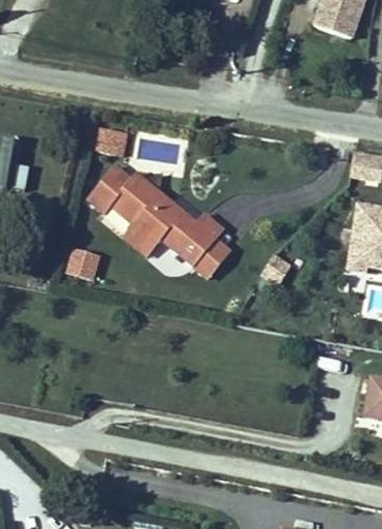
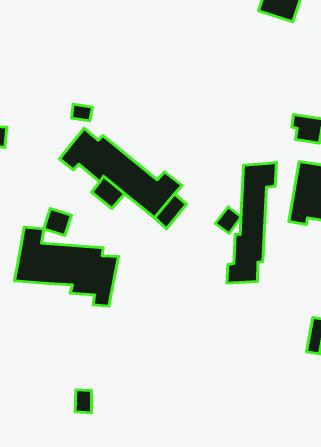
building: none -> [227,162,276,283]
building: none -> [15,227,118,306]

